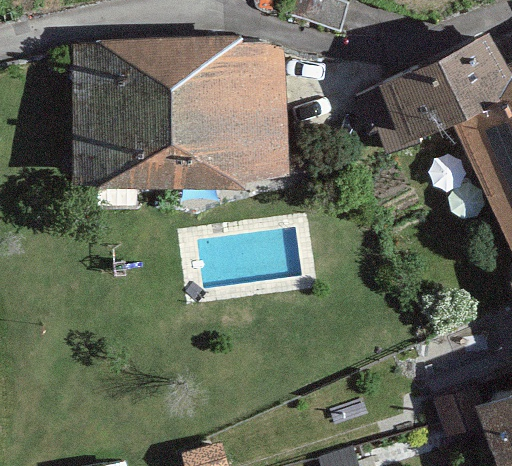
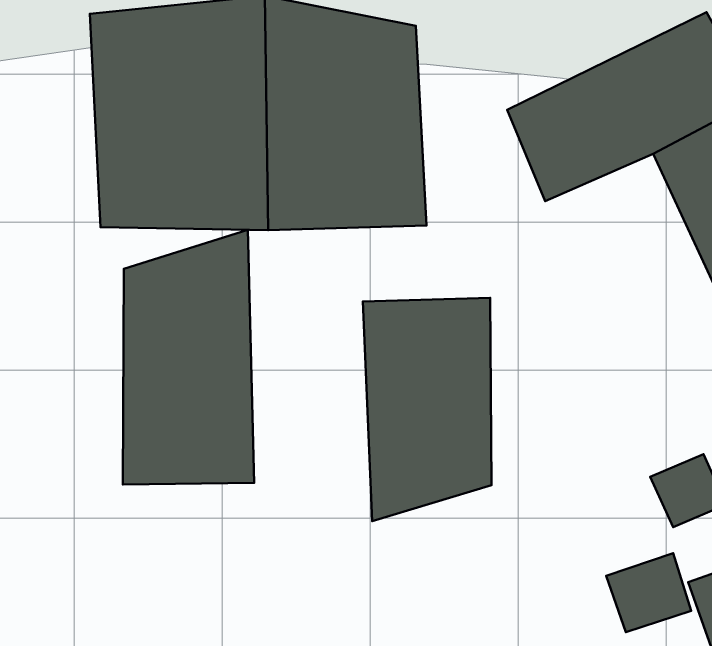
building: none -> [123,230,254,485]
building: none -> [363,298,492,521]

